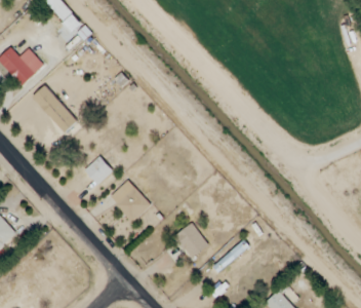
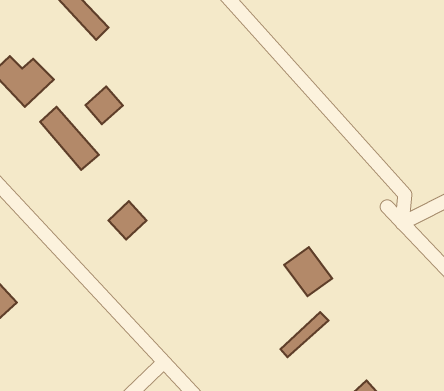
building: none -> [85,87,123,124]
building: [110,180,151,222] -> none
building: [173,223,209,260] -> [284,247,332,296]

